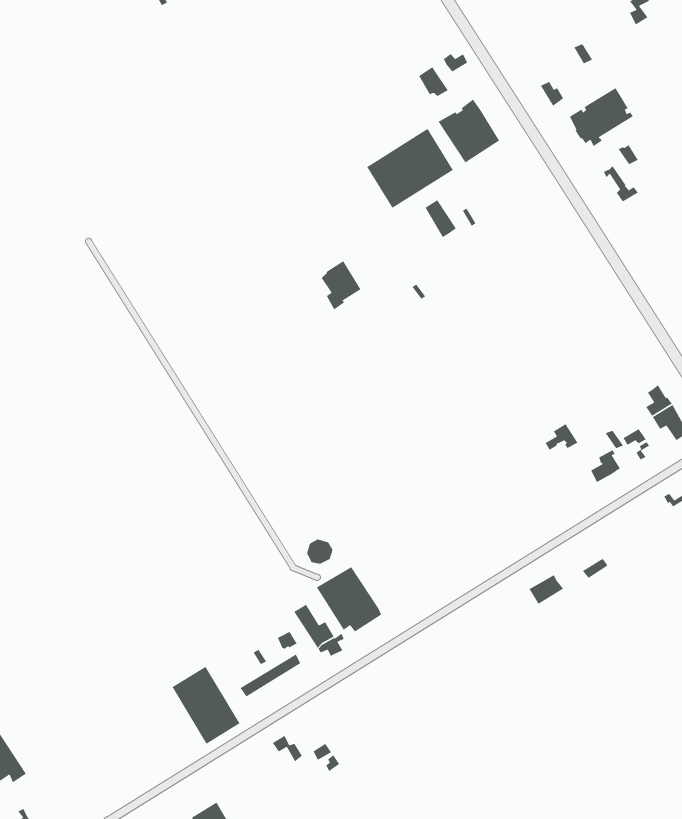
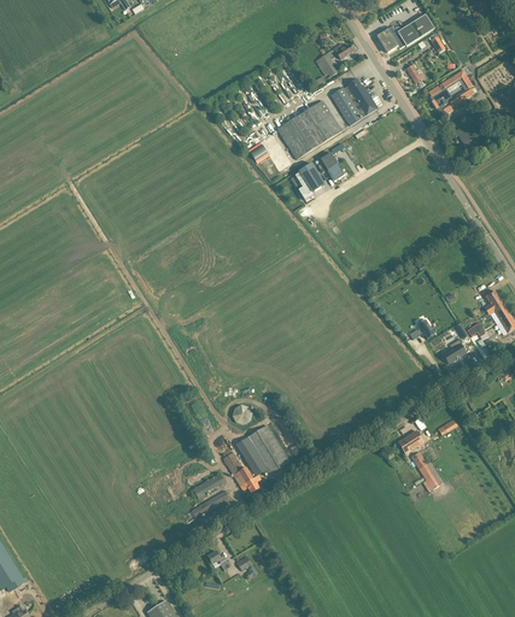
building: none -> [376,13,433,52]
building: [321,260,361,310] -> [294,161,324,199]
building: none -> [410,451,443,490]
building: [171,666,240,745] -> none

